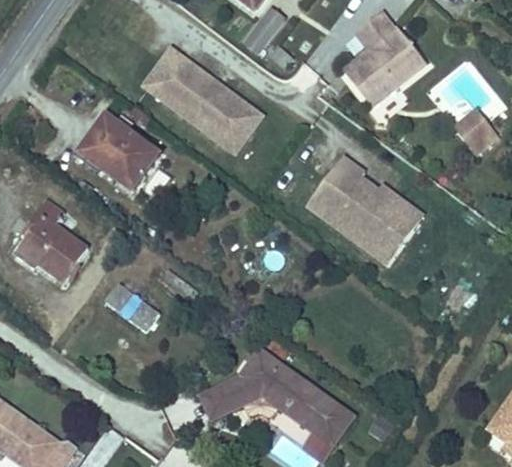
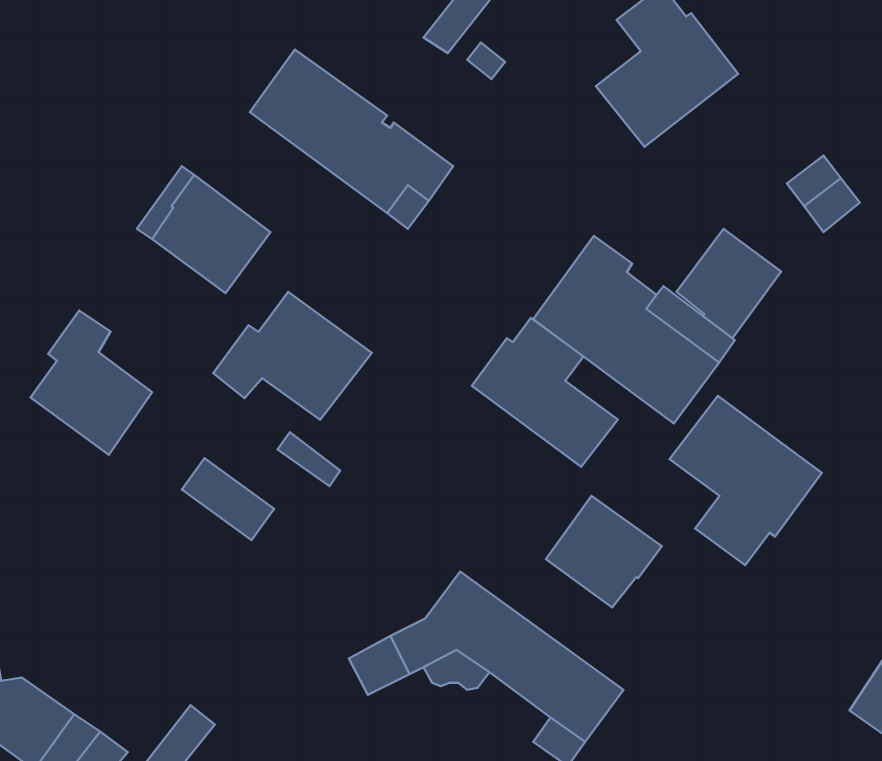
building: none -> [677,229,781,338]
building: none -> [213,292,372,420]
building: none -> [472,318,618,467]
building: none -> [669,396,822,565]
building: none -> [546,496,662,607]

